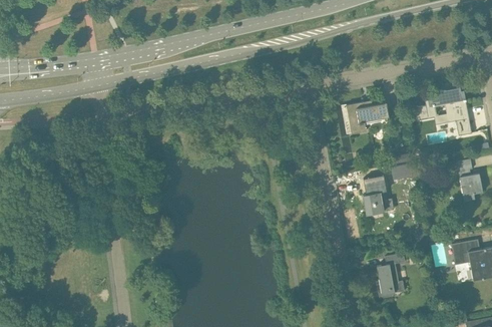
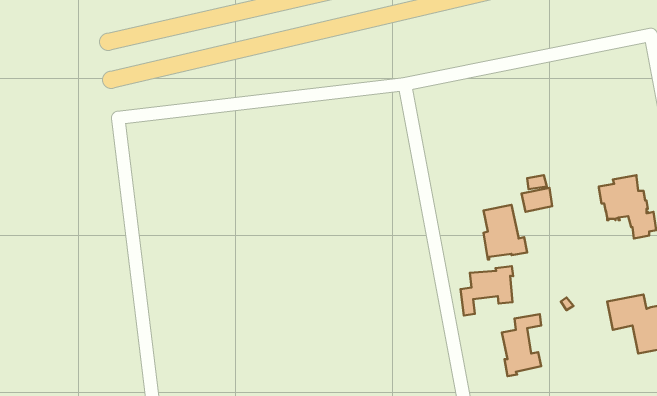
building: [410,84,471,136] -> none
building: [346,102,389,134] -> none
building: none -> [461,266,513,316]

